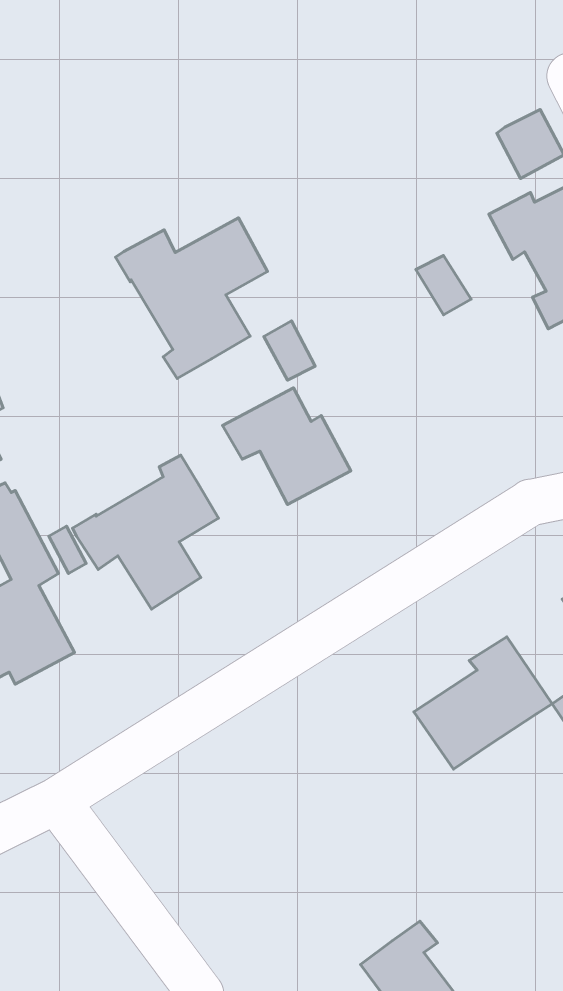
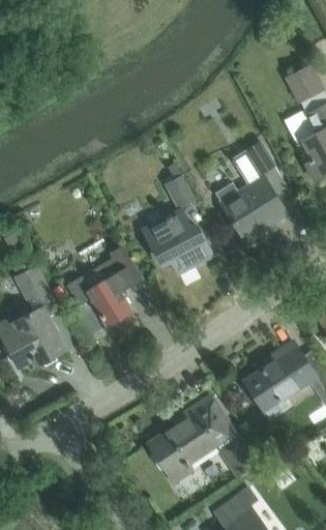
building: [115,218,267,379] -> none
building: none -> [218,179,287,235]
building: none -> [150,399,259,482]

